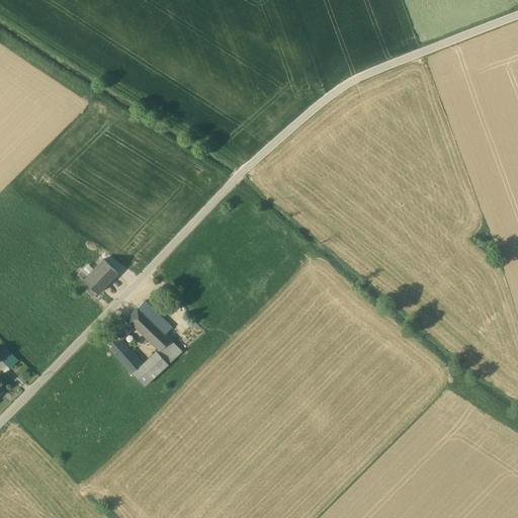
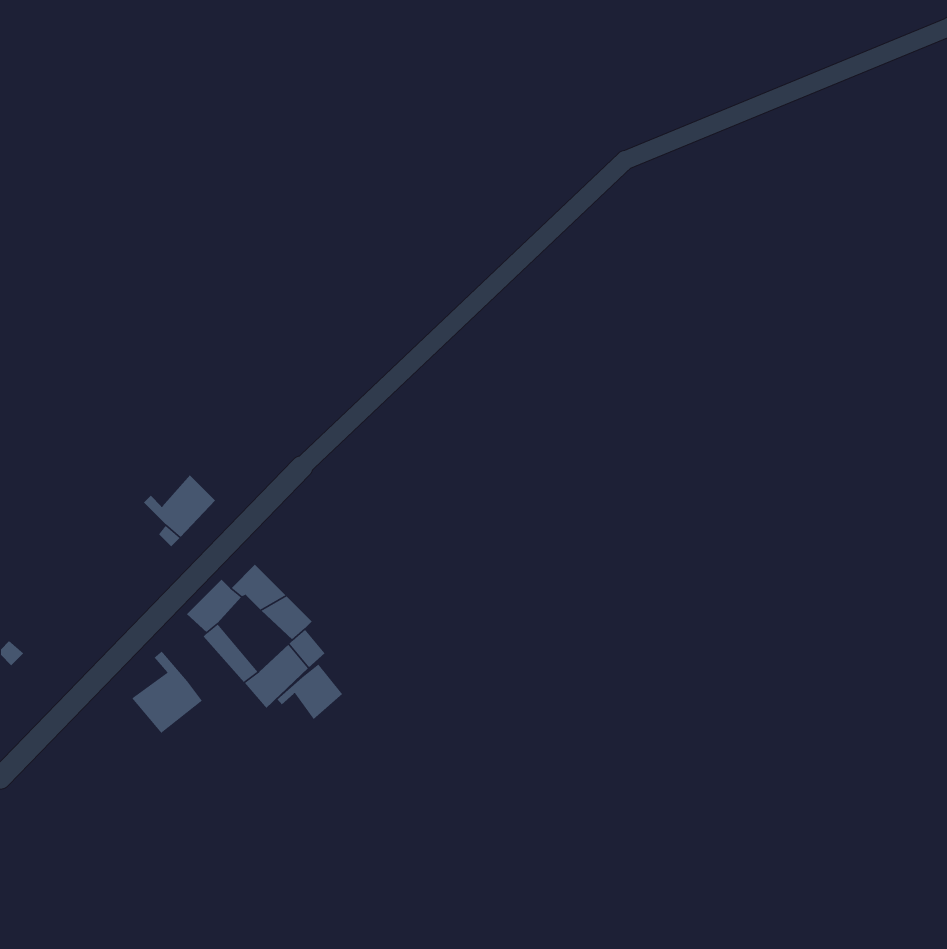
building: none -> [131,650,203,734]
building: none -> [276,664,343,720]

